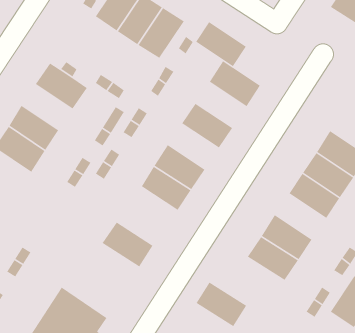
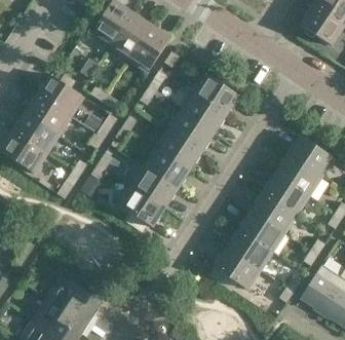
building: [195,21,247,67] -> [180,91,226,133]
building: none -> [25,93,71,135]
building: none -> [155,128,201,169]
building: none -> [251,191,297,232]
building: [102,221,153,267] -> [118,185,164,226]
building: [195,281,247,327] -> [214,248,260,289]

